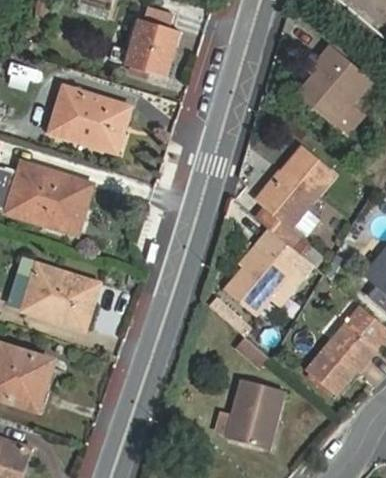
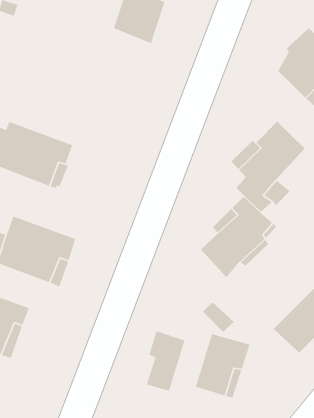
building: [46,84,135,152] -> none
building: none -> [146,330,185,392]

